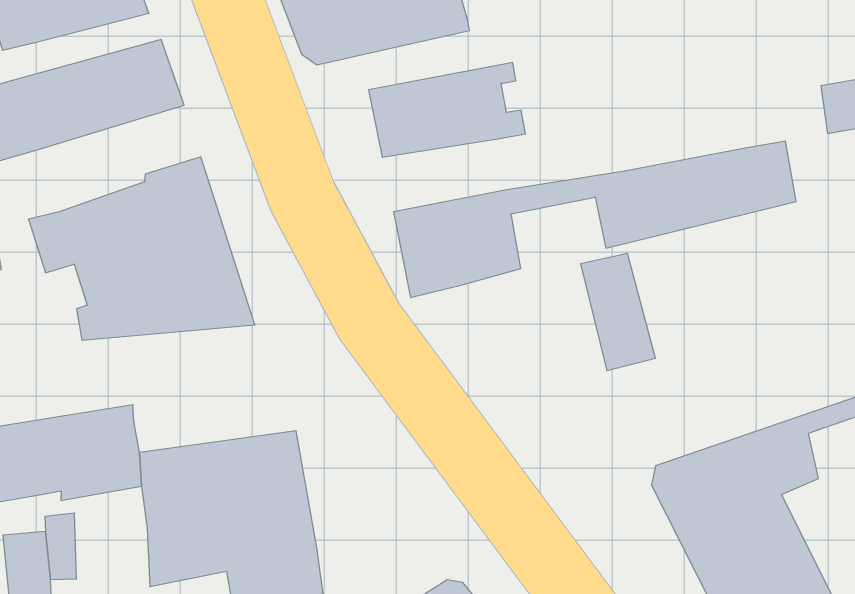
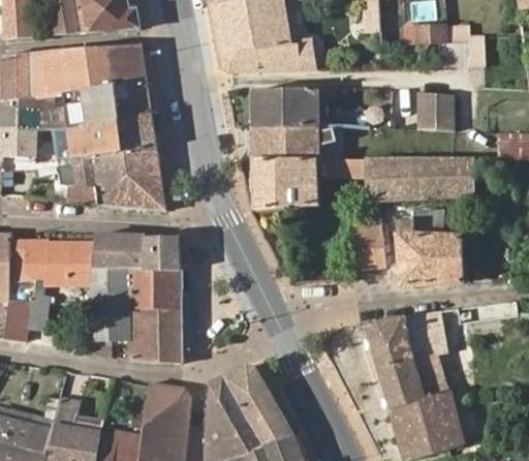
building: none -> [399,90,450,131]
building: none -> [63,81,152,127]
building: none -> [251,128,317,159]
building: none -> [395,214,462,285]
building: none -> [90,235,179,270]

